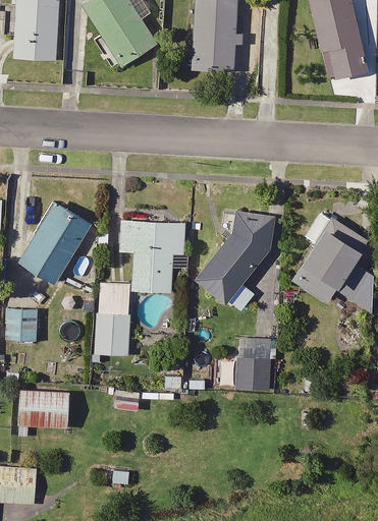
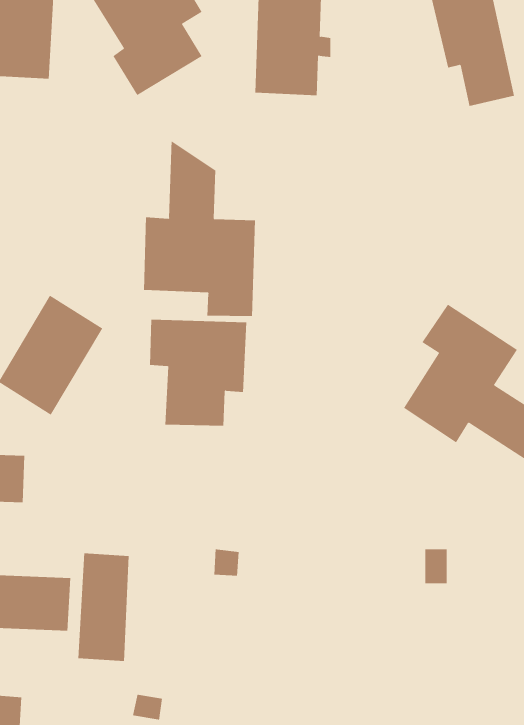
building: none -> [143,140,256,317]
building: [194,210,275,314] -> none
building: [96,283,130,355] -> [77,553,129,662]
building: [235,356,271,390] -> none

